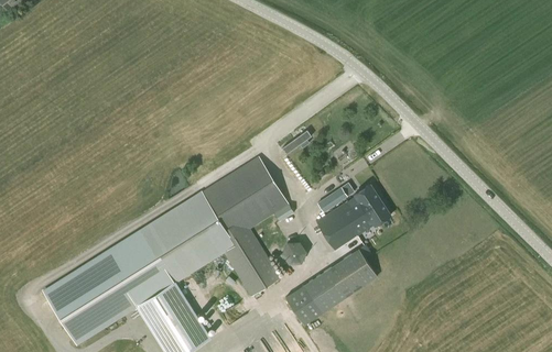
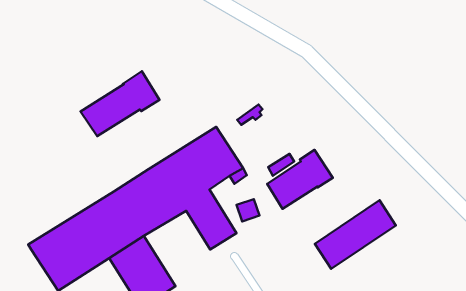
building: none -> [81,71,160,136]
building: [284,248,377,326] -> [315,200,396,269]

